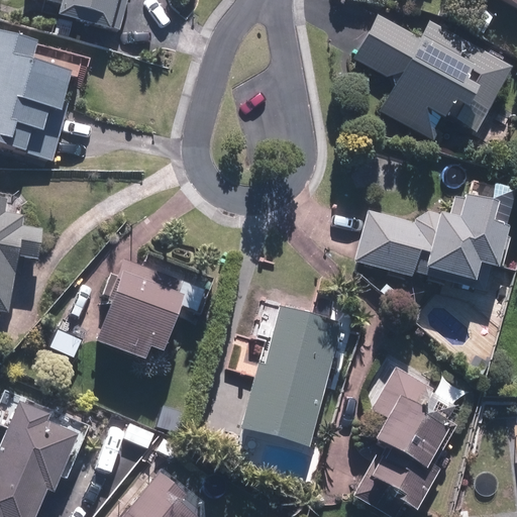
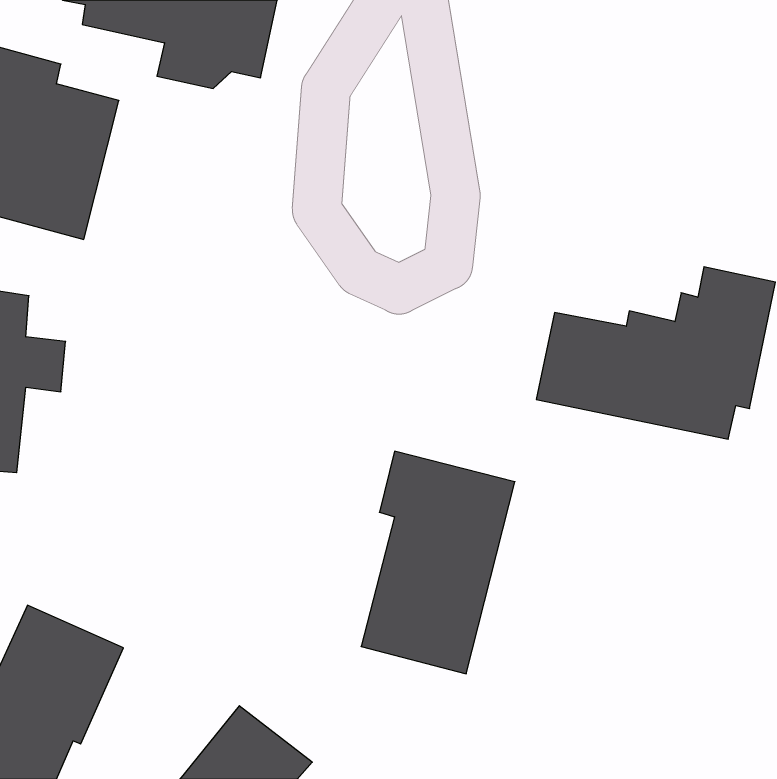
building: [355,14,510,139] -> none
building: [95,258,190,358] -> none
building: [361,361,462,510] -> none

